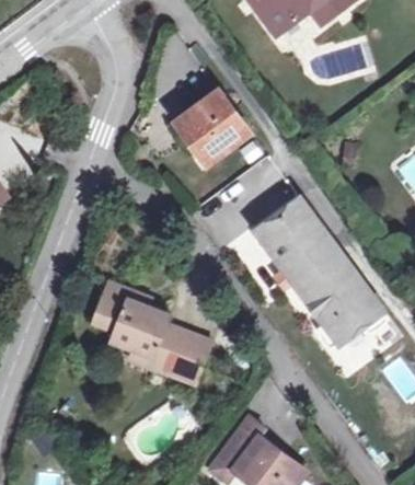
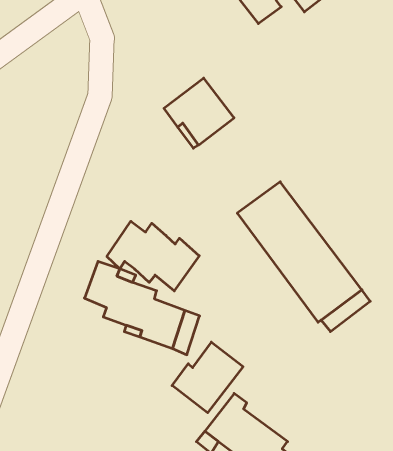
building: none -> [107,221,199,291]
building: none -> [172,342,243,413]

